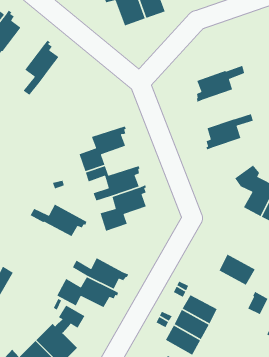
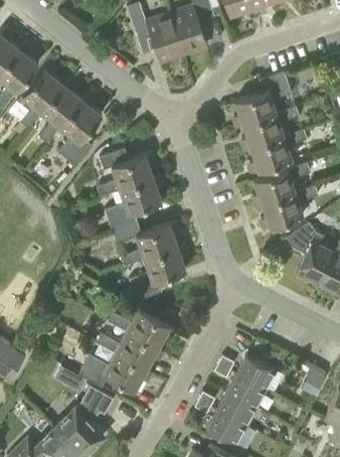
building: none -> [20,62,63,128]
building: none -> [232,71,291,128]
building: none -> [58,93,102,165]
building: none -> [248,130,307,173]
building: none -> [97,150,159,197]
building: none -> [260,185,317,230]
building: [30,203,87,237] -> [108,308,175,347]
building: [219,254,256,286] -> [234,353,278,391]

